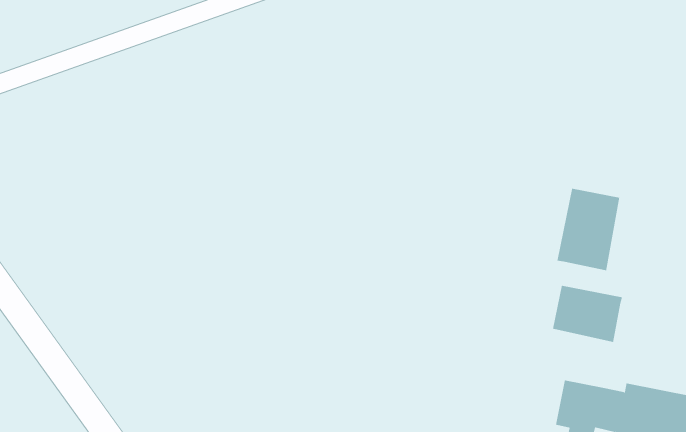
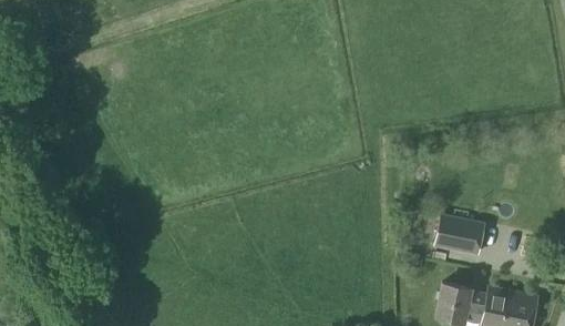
building: [557,188,620,271] -> none

